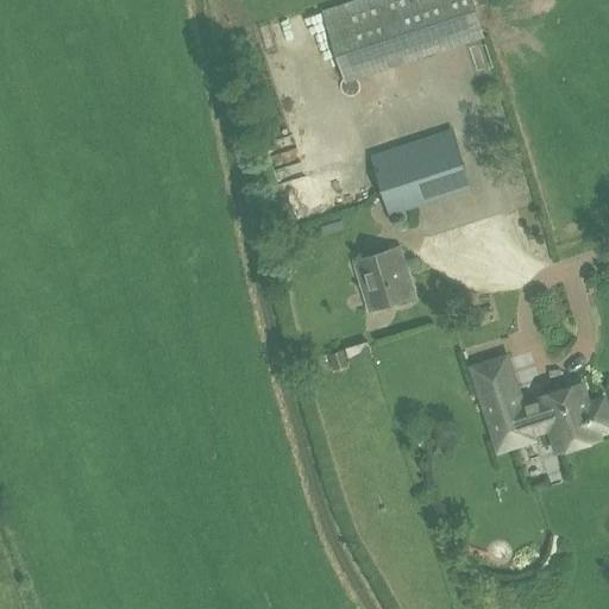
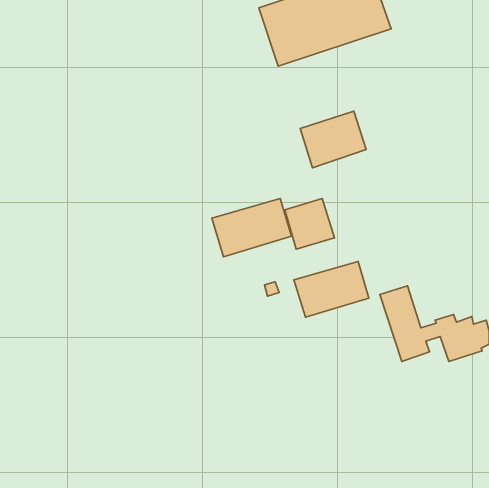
building: none -> [212,198,291,257]
building: none -> [294,262,369,317]

